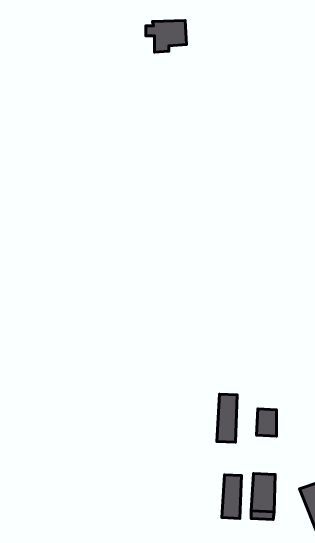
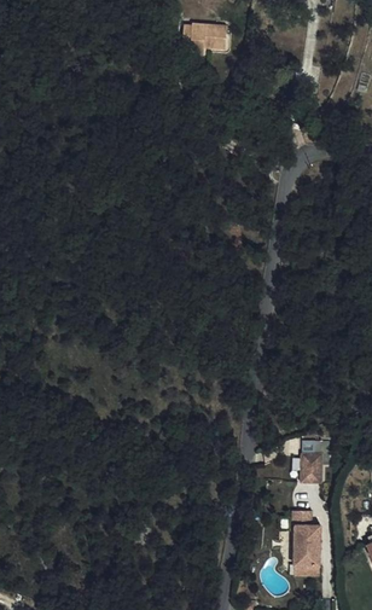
building: [217,394,237,442] -> none
building: [222,475,241,518] -> none

